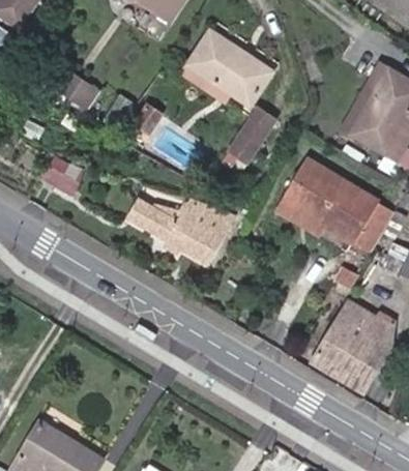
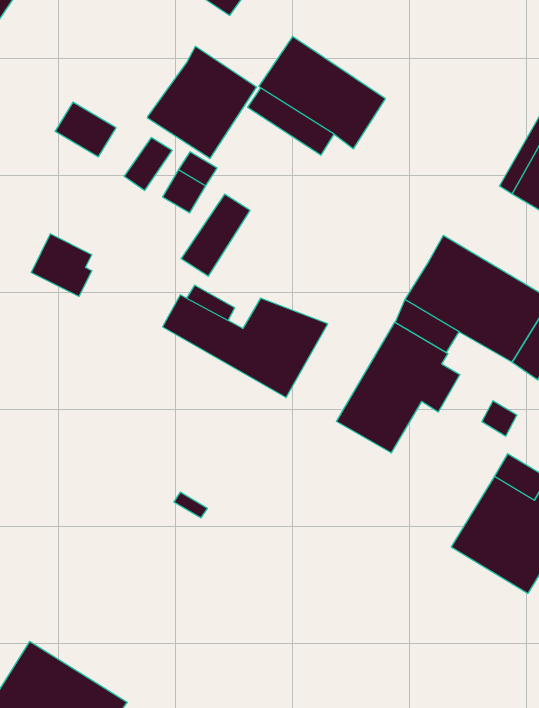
building: none -> [147,46,256,159]
building: [229,108,273,160] -> [181,194,250,276]
building: none -> [336,322,460,453]

